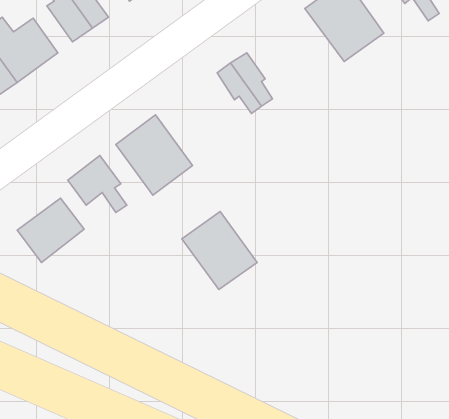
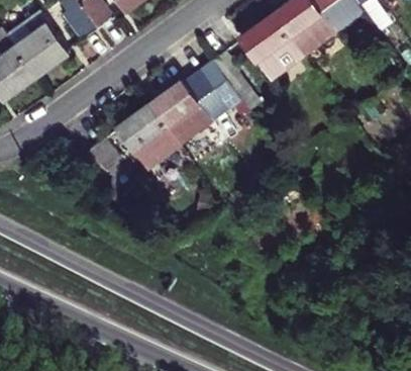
building: none -> [238,15,303,83]
building: [17,198,84,262] -> none
building: [182,212,257,290] -> [148,80,210,144]

